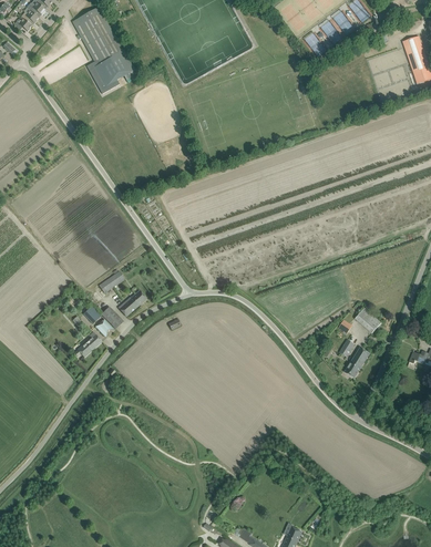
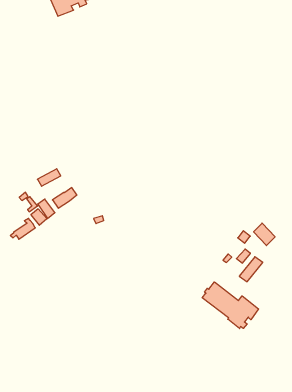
building: none -> [202,282,259,329]

